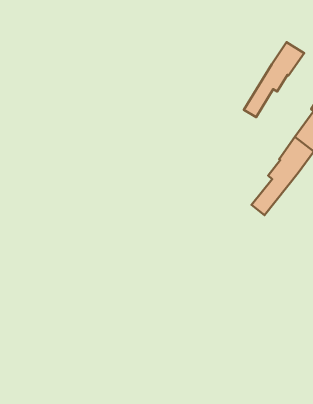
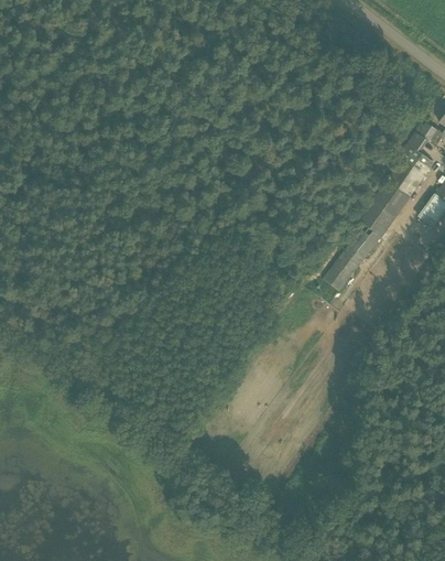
building: [244,42,304,117] -> none

